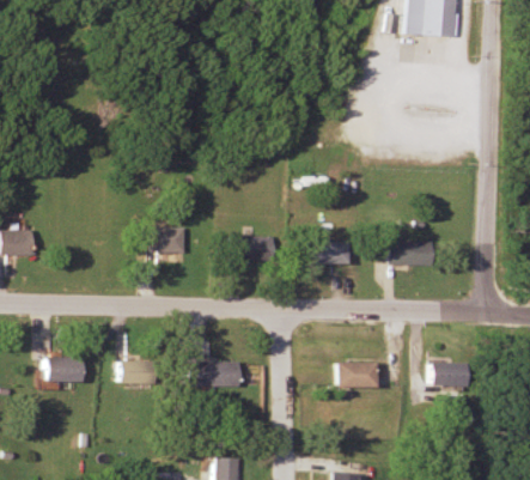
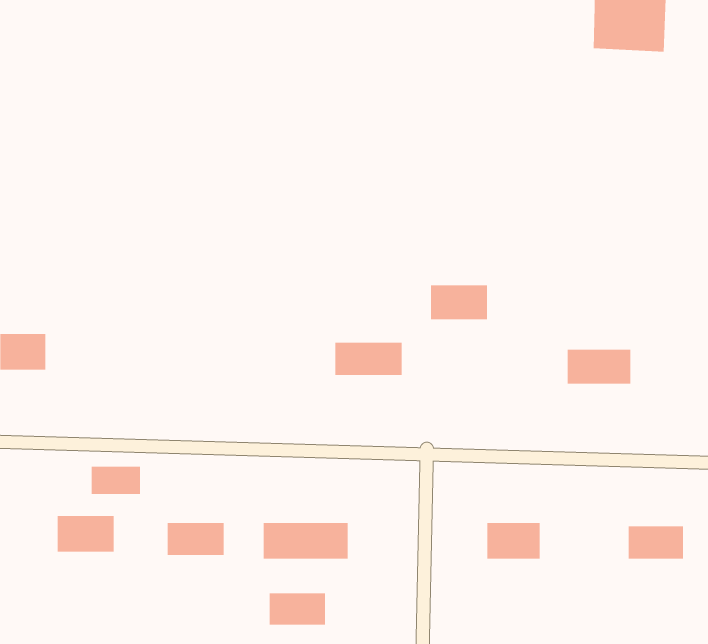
building: [150,227,188,251] -> none
building: [311,241,351,265] -> [430,285,488,320]
building: none -> [91,466,141,495]
building: none -> [269,593,325,625]

